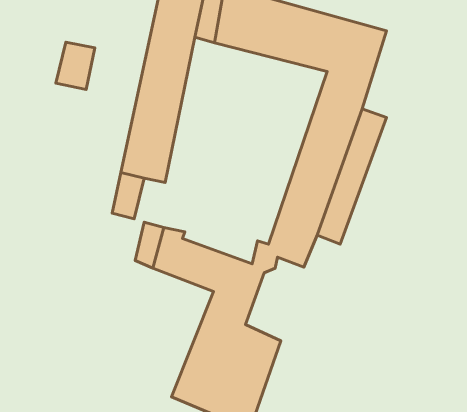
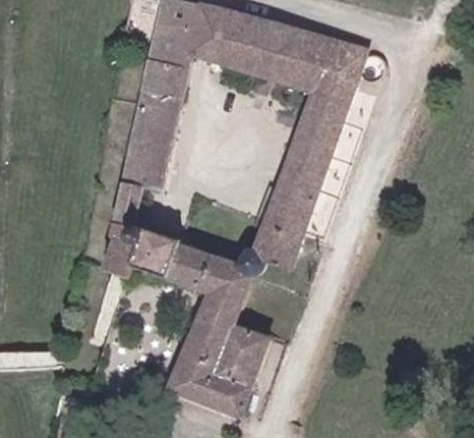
building: [56,42,95,90] -> none
building: none -> [101,218,141,274]

